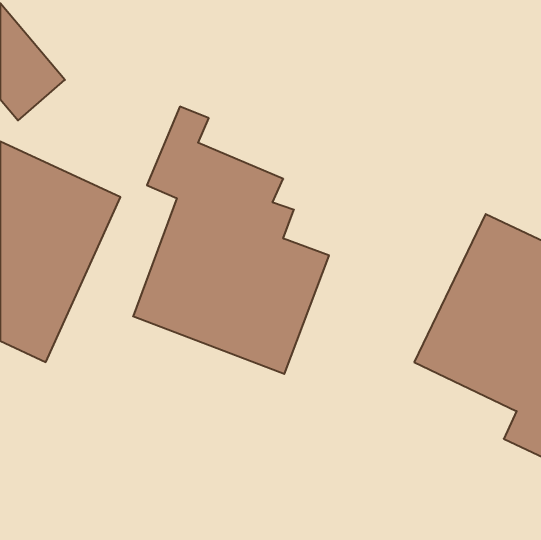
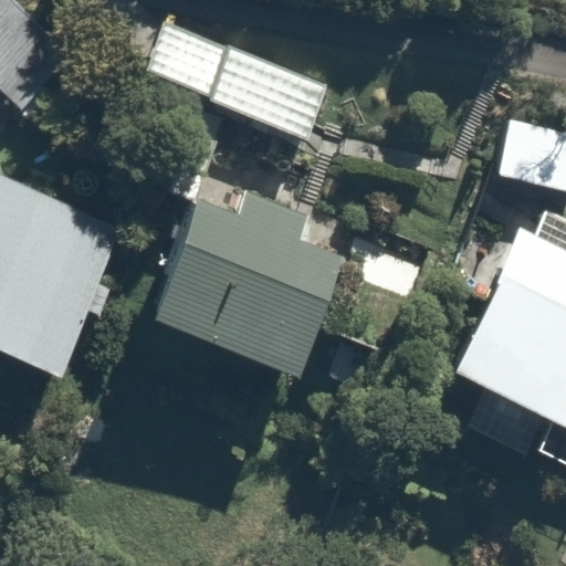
building: none -> [149,15,333,144]

